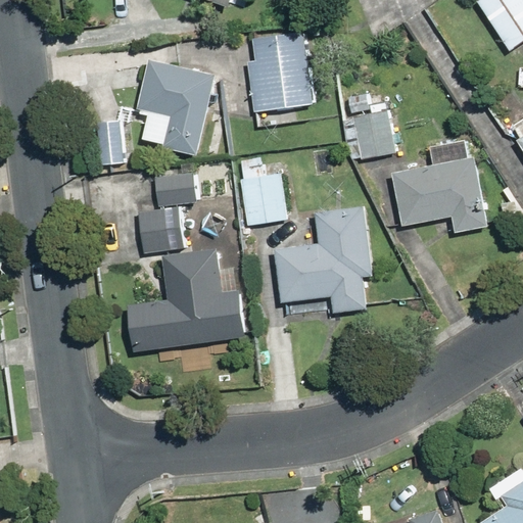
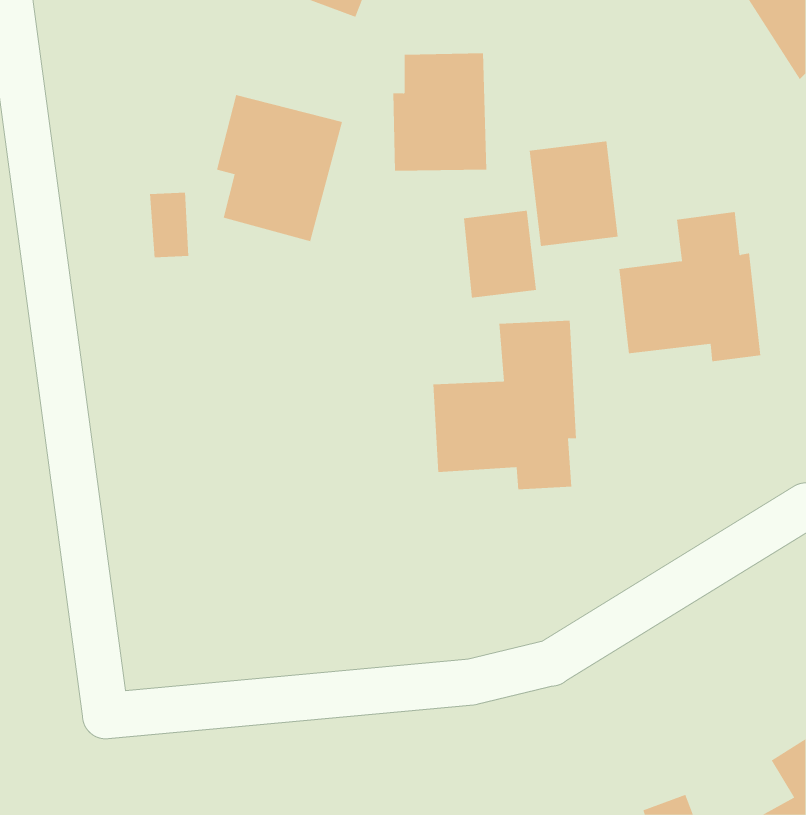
building: [240,169,287,225] -> [463,210,537,298]
building: [137,172,194,252] -> none
building: [130,251,248,350] -> none

